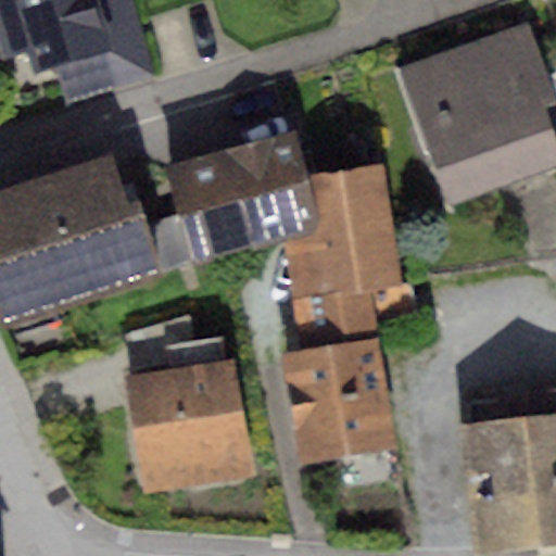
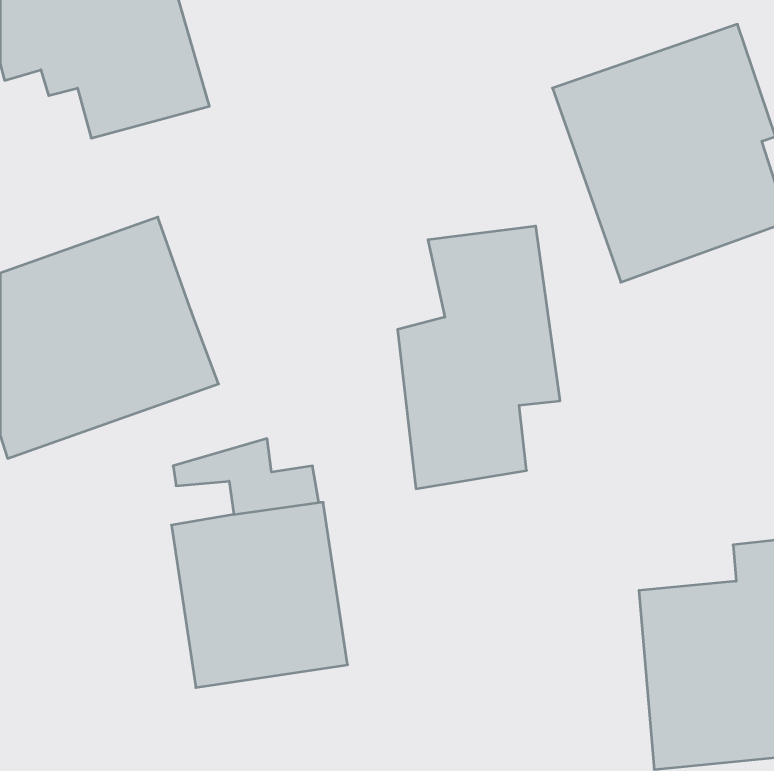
building: [138,130,319,275] -> none
building: [285,337,396,462] -> none

